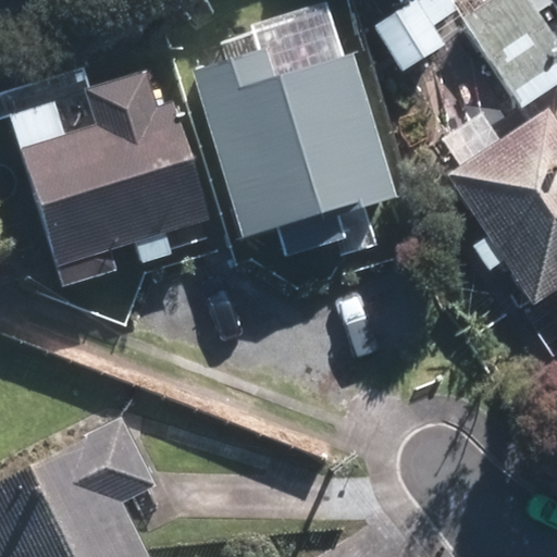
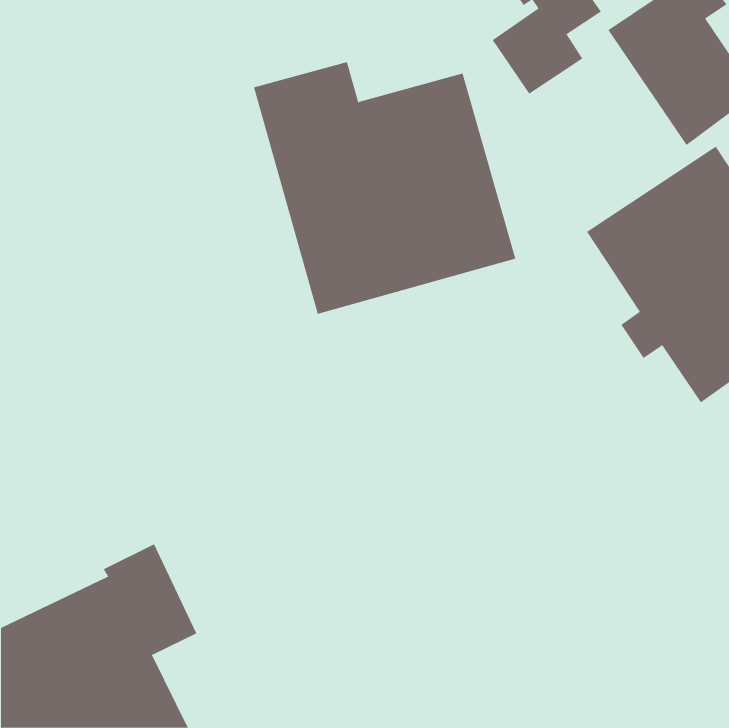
building: [25,71,209,264] -> none

